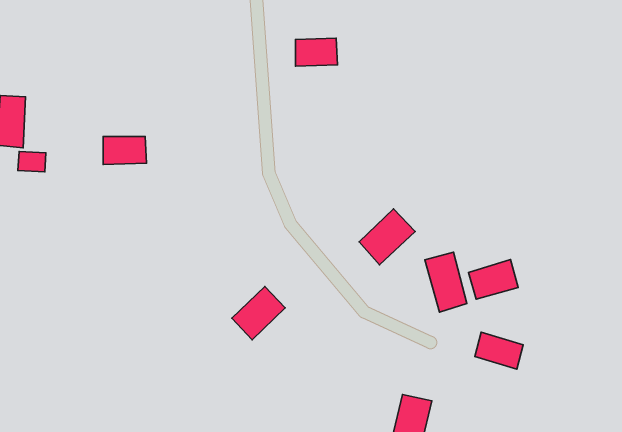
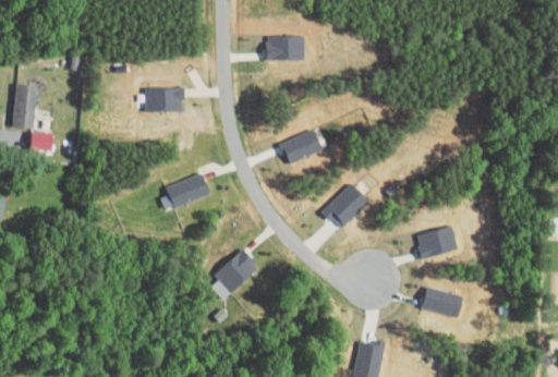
building: [103,136,147,164] -> [145,87,182,111]
building: none -> [281,130,323,161]
building: none -> [166,172,210,207]
building: [425,252,467,312] -> none

